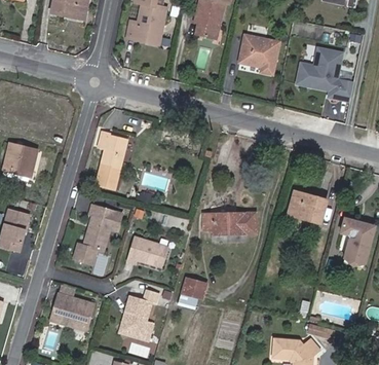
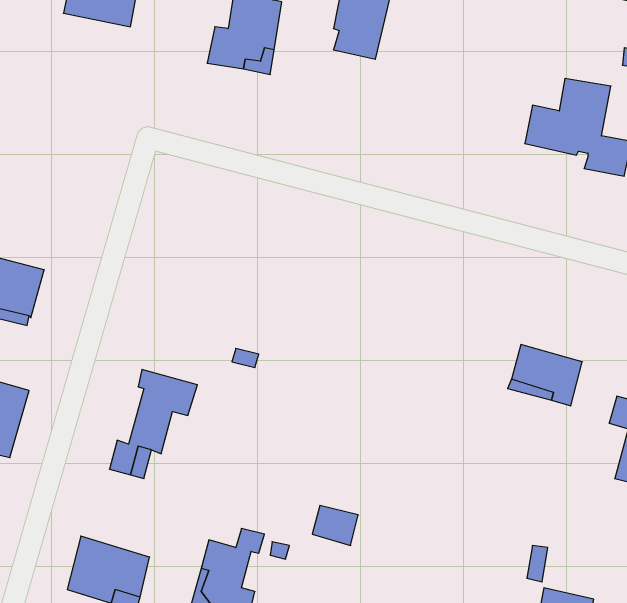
building: [238,34,278,74] -> none
building: [96,130,127,189] -> none
building: [202,212,256,233] -> none
building: [126,235,168,267] -> none

